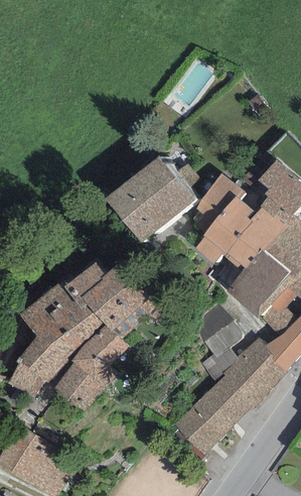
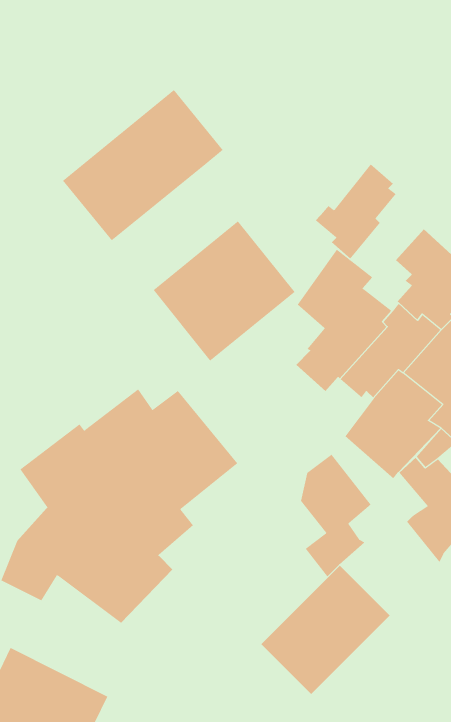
building: none -> [62,89,224,241]
building: none -> [315,164,396,260]
building: [223,337,287,405] -> none

